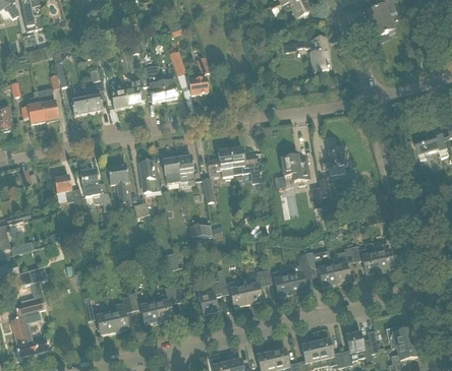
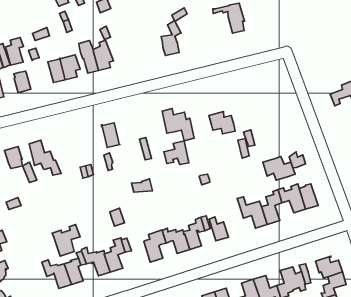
building: [188,55,211,92] -> [161,21,181,56]
building: [83,82,104,112] -> [5,37,24,65]
building: [321,147,347,173] -> none
building: [207,148,233,174] -> [164,141,189,164]
building: [176,154,194,184] -> none
building: [139,160,160,191] -> none
building: [107,164,129,201] -> none
building: none -> [263,157,295,180]
building: [285,259,309,293] -> none
building: none -> [52,224,80,256]

